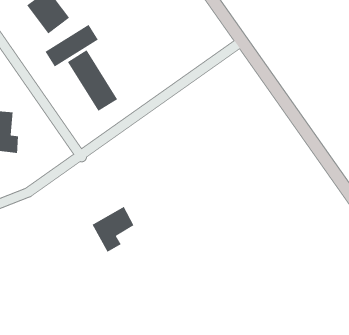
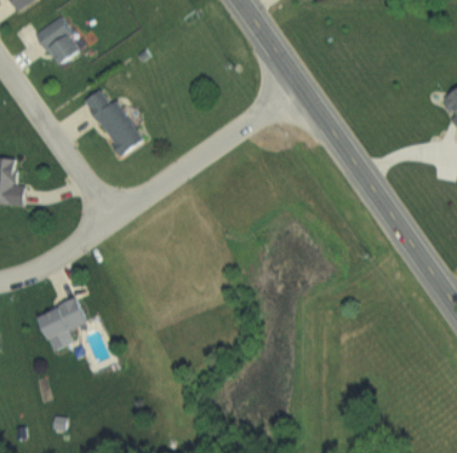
building: [45,24,99,67] -> none
building: [92,206,134,253] -> [38,297,87,351]

